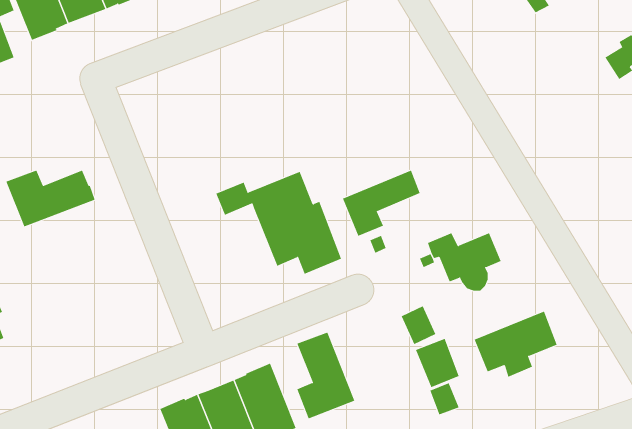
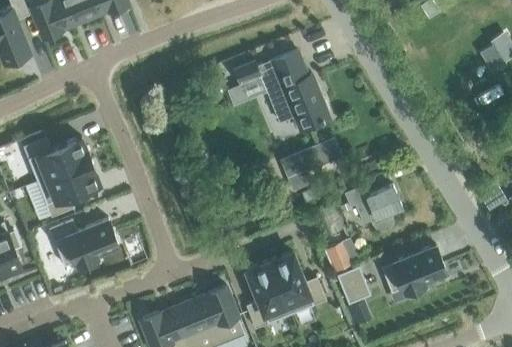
building: [215,171,342,274] -> [233,52,330,131]
building: none -> [26,161,100,220]
building: none -> [50,219,119,271]
building: none -> [270,252,326,315]

